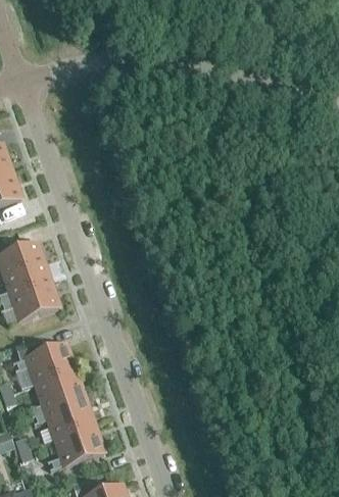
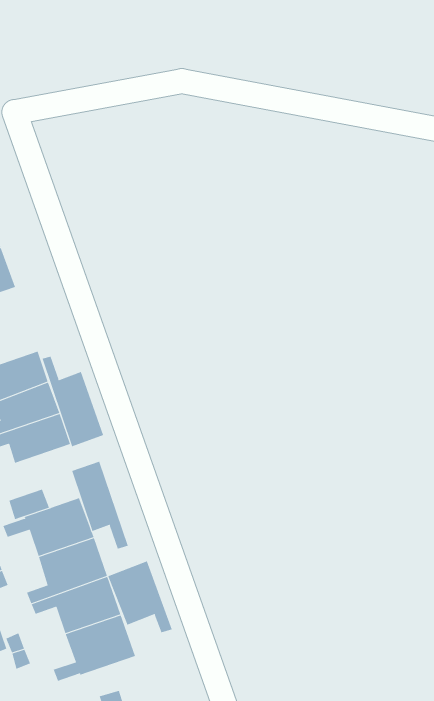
building: none -> [42,356,104,447]
building: none -> [71,461,129,549]
building: none -> [108,561,172,633]

